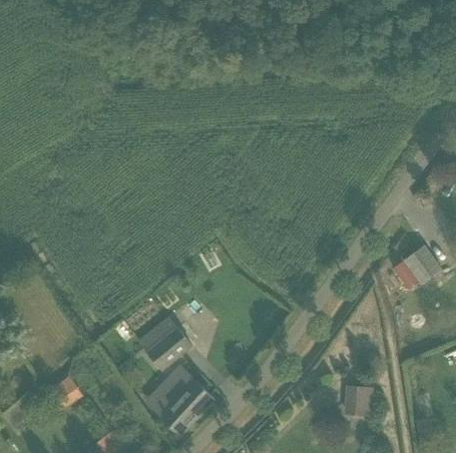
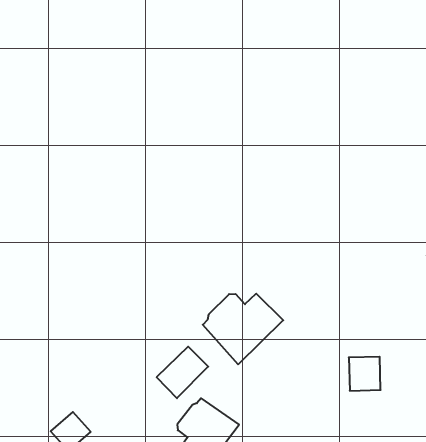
building: none -> [203,294,283,364]
building: [343,383,372,414] -> [349,357,381,391]

